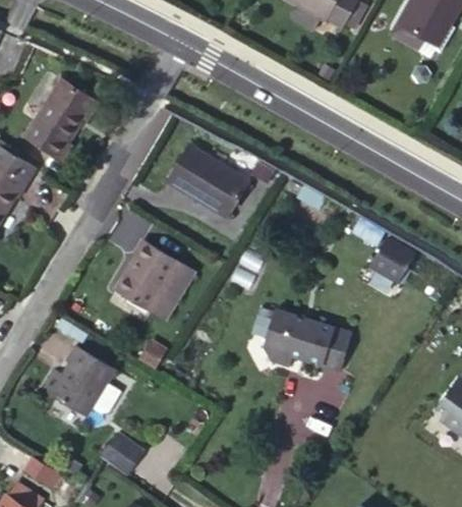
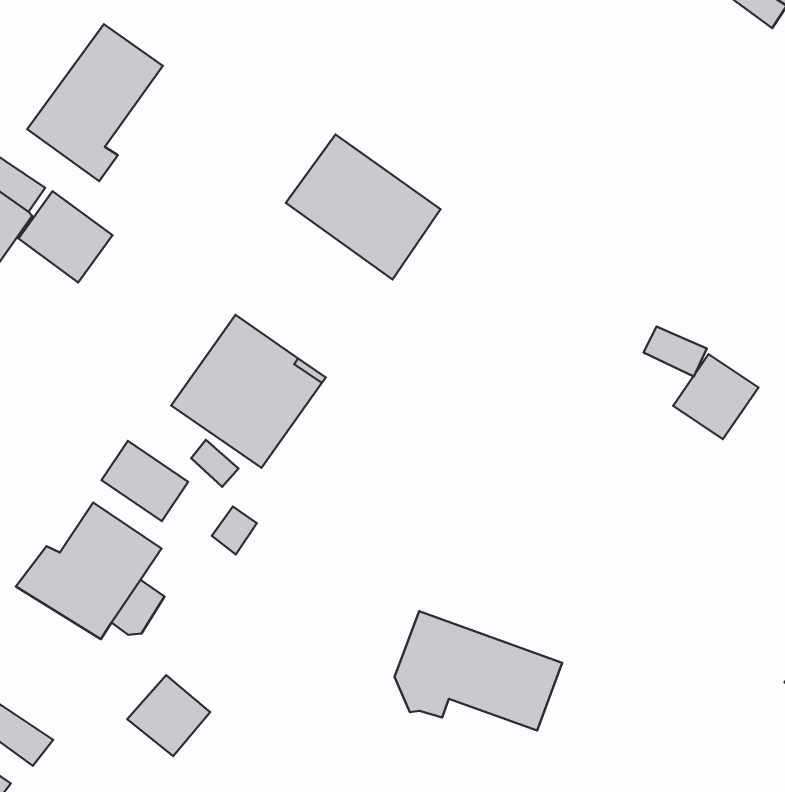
building: none -> [19,191,112,282]
building: none -> [102,441,188,521]
building: [266,312,354,372] -> [395,611,562,731]

